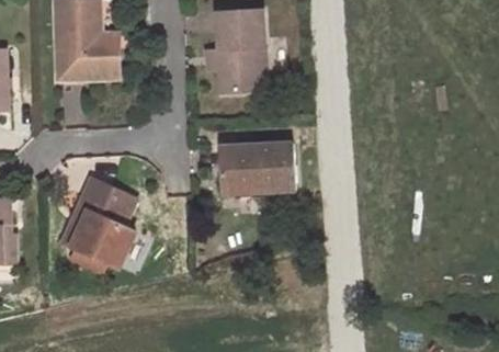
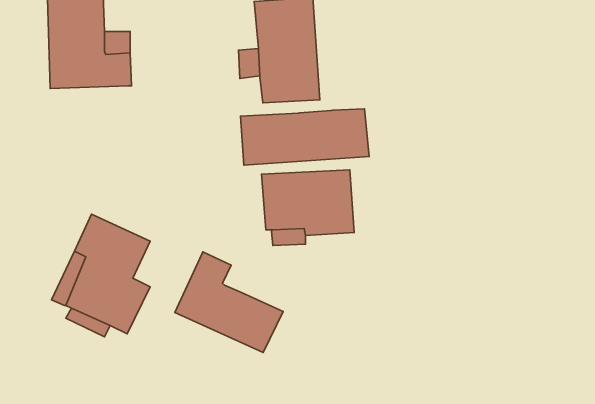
building: none -> [241,109,369,165]
building: none -> [175,252,283,353]

